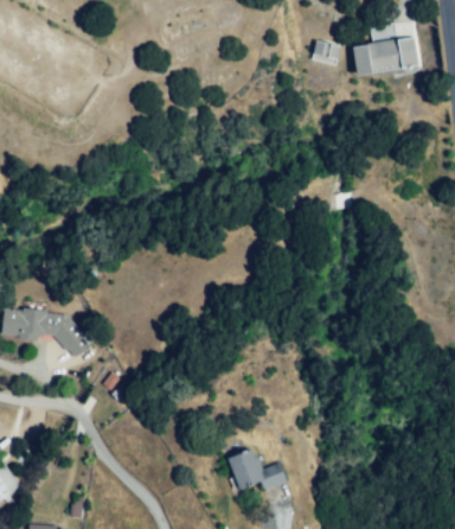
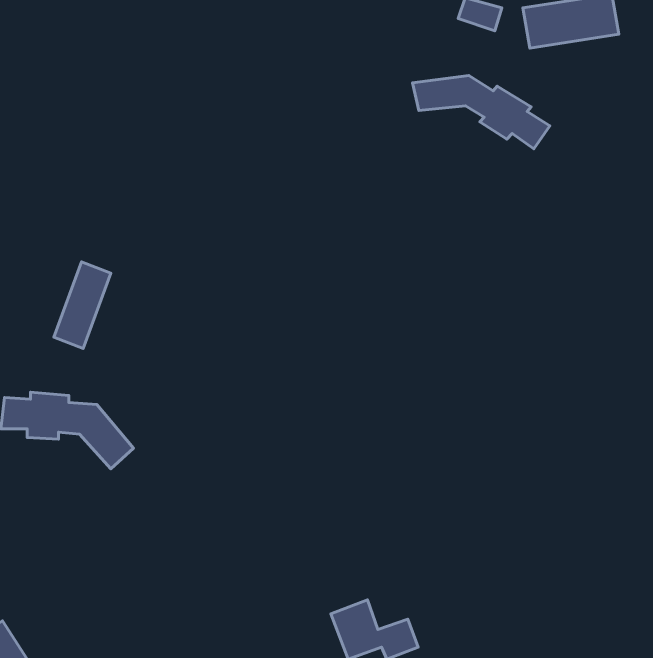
building: none -> [412,75,550,149]
building: none -> [54,262,111,349]

